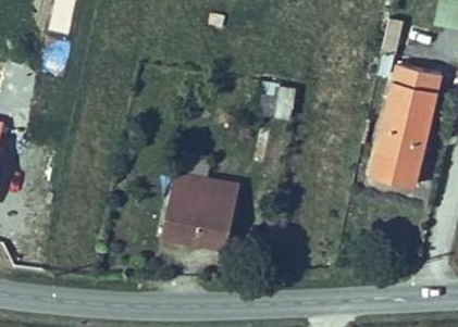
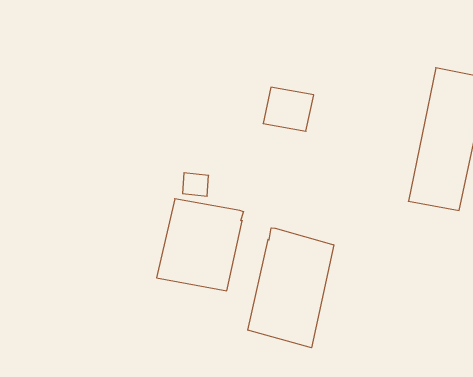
building: none -> [248,228,334,348]

